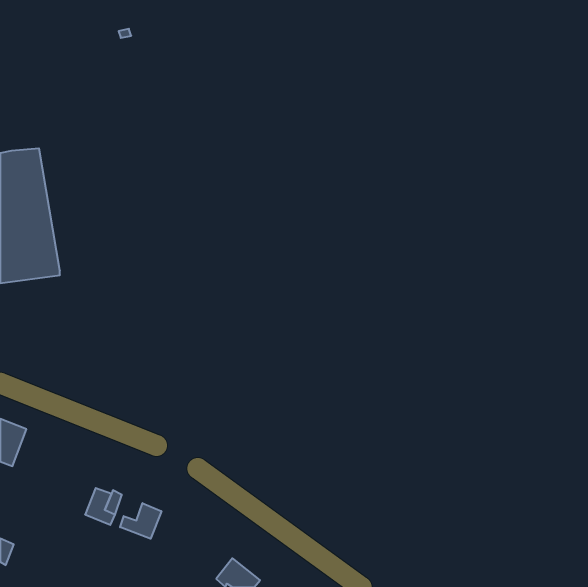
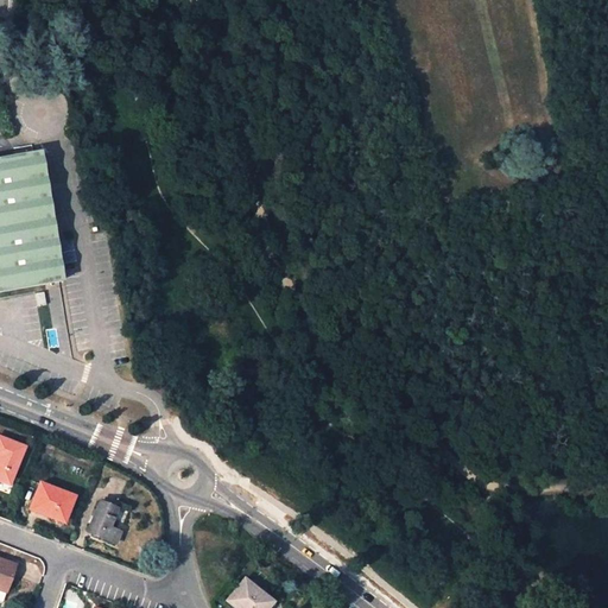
building: none -> [33,483,75,520]
building: [120,503,161,539] -> none

